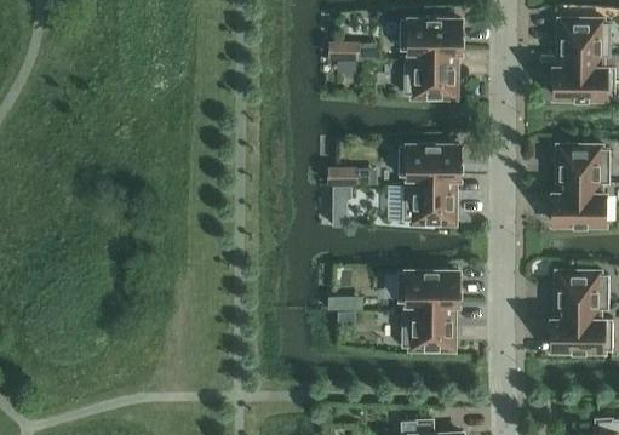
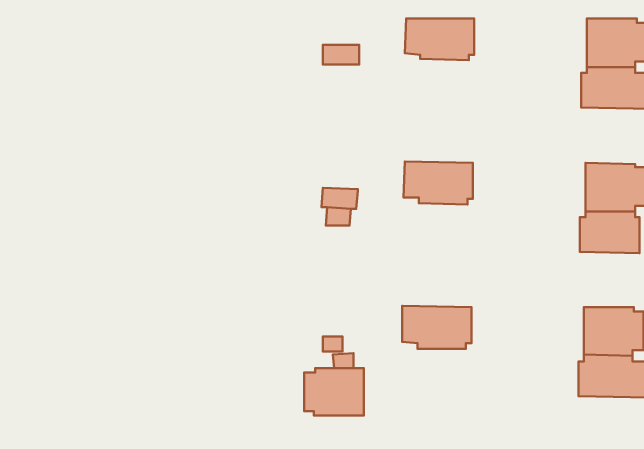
building: [403,55,455,97] -> none
building: [402,181,454,223] -> none
building: [401,308,453,349] -> [304,368,364,415]

